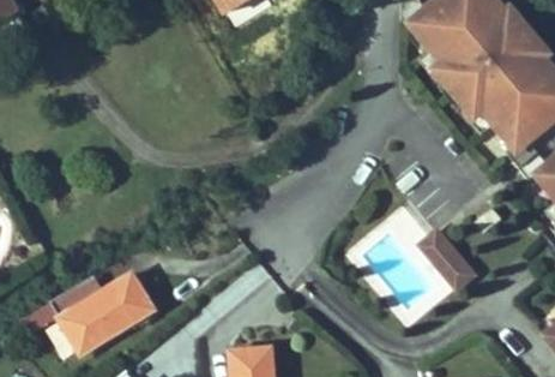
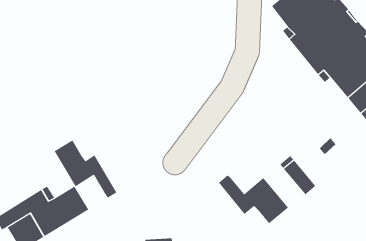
building: none -> [54,140,117,199]
building: none -> [218,174,289,224]

